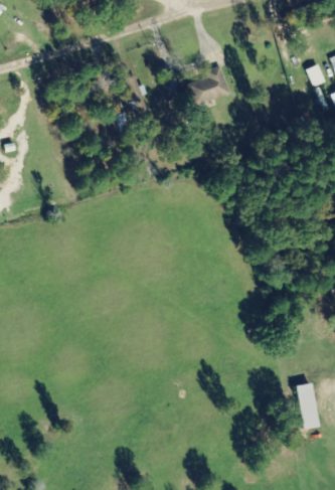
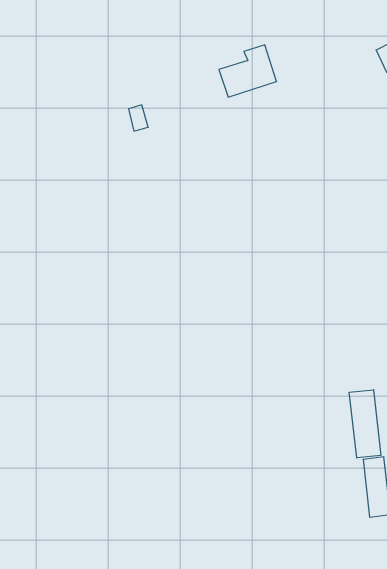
building: none -> [349,390,381,458]

